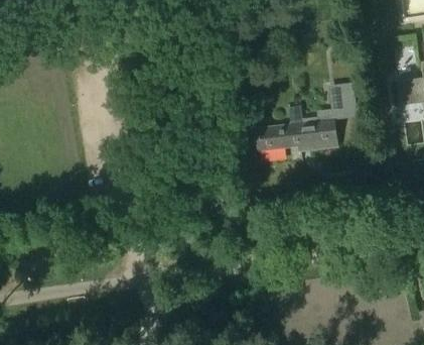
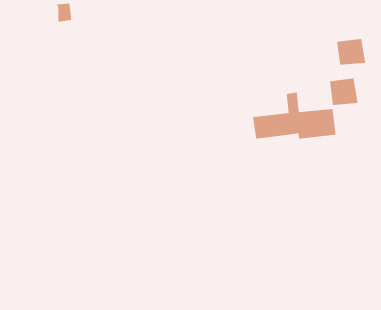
building: none -> [337,38,366,66]

